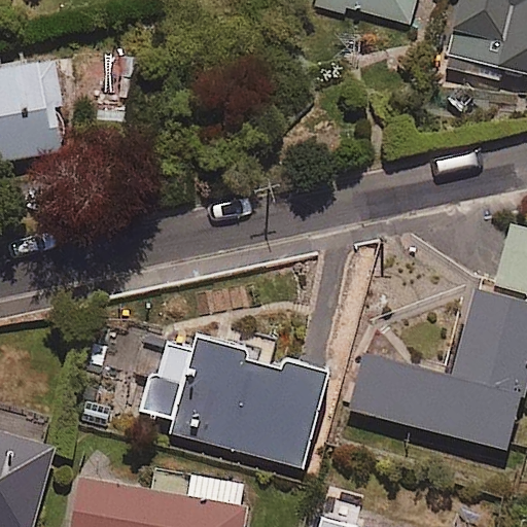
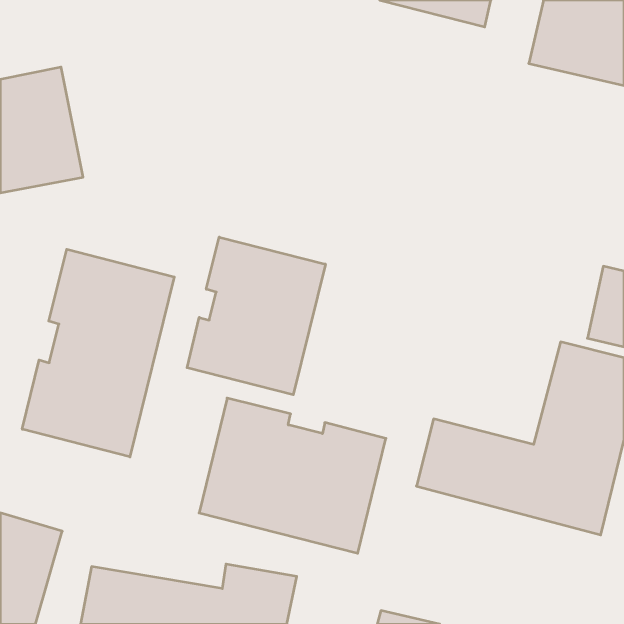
building: none -> [187,237,325,395]
building: none -> [22,249,174,457]

